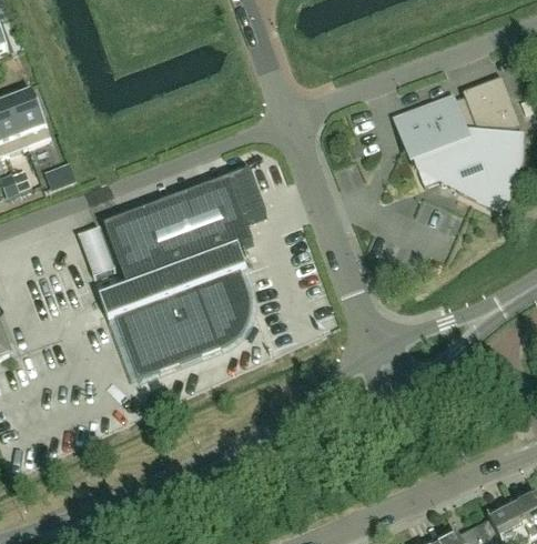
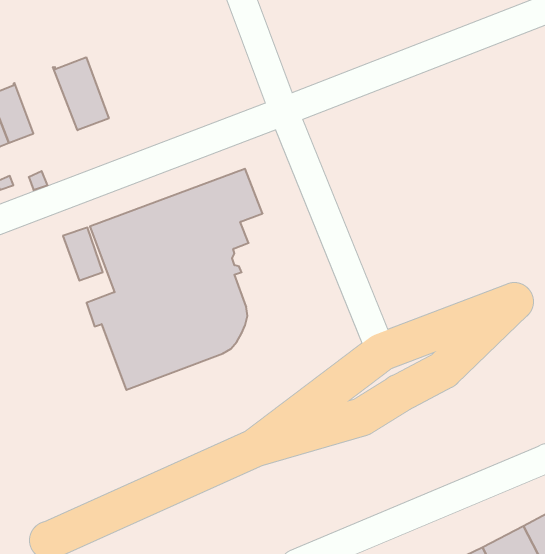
building: none -> [53,57,109,130]
building: [397,75,519,205] -> none

